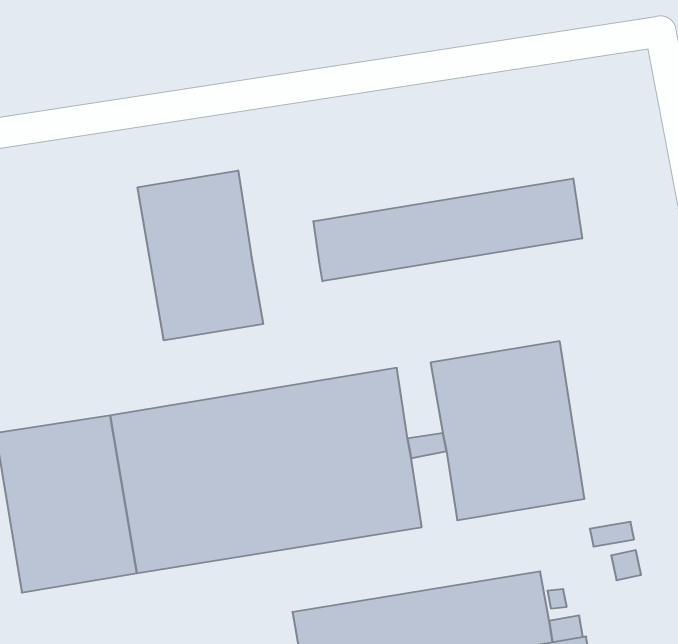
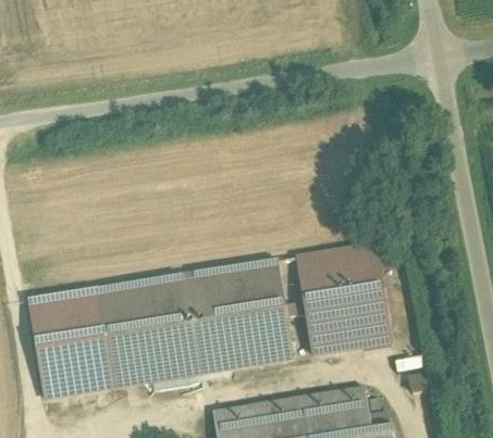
building: [138,170,263,340] -> none
building: [313,178,582,281] -> none

